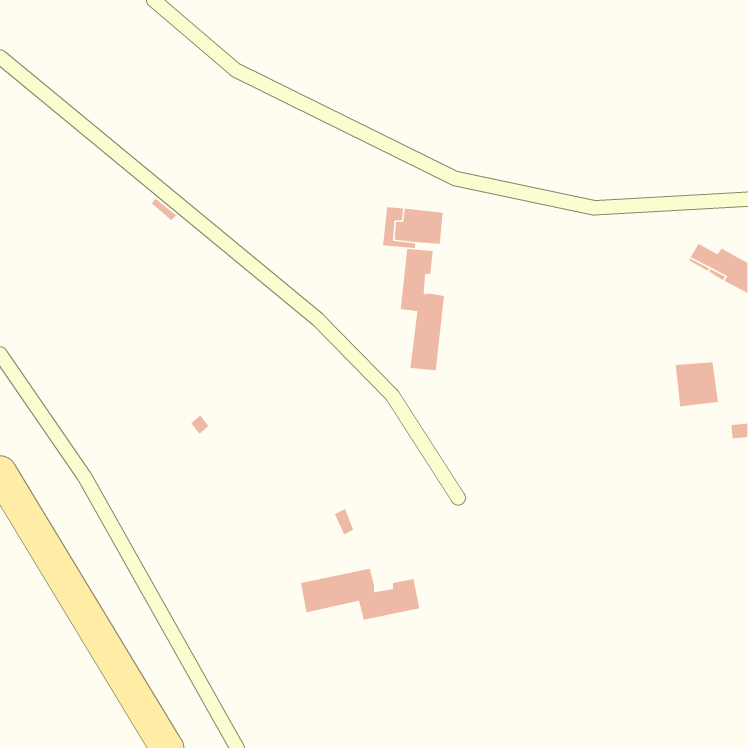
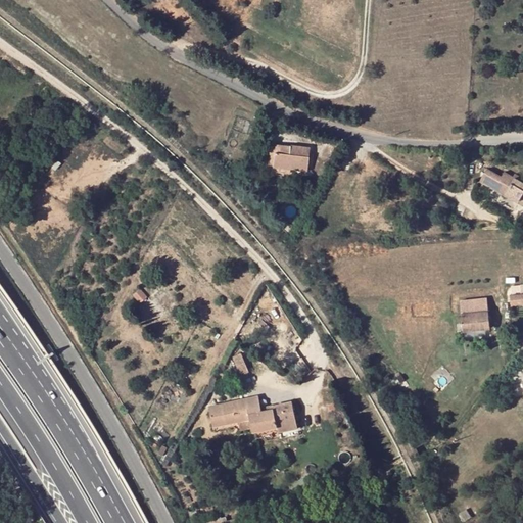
building: [400,248,445,371] -> none
building: [675,362,719,407] -> [460,299,490,331]

